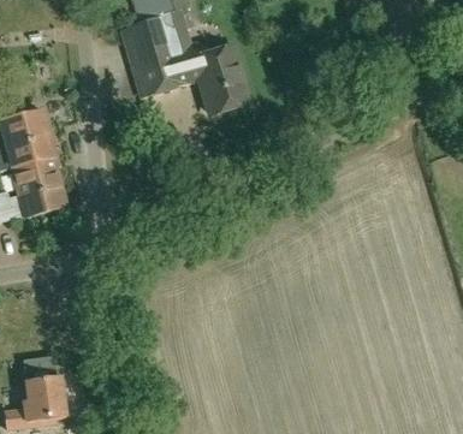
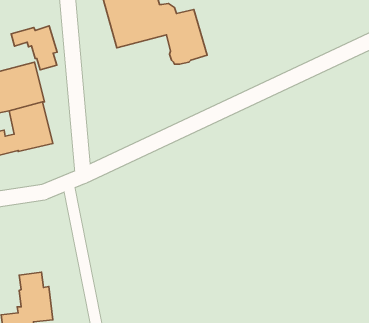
building: none -> [11,26,57,70]

